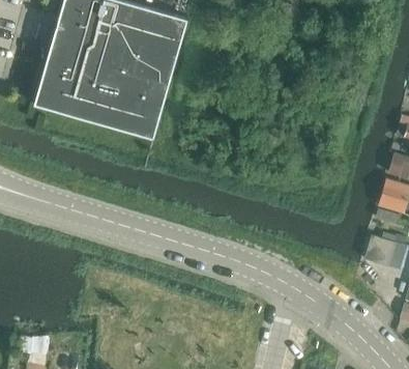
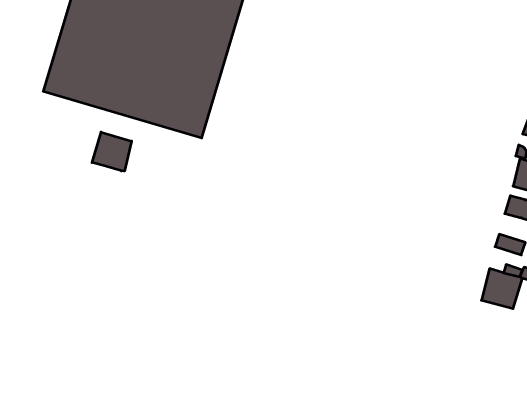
building: none -> [92,132,132,171]

